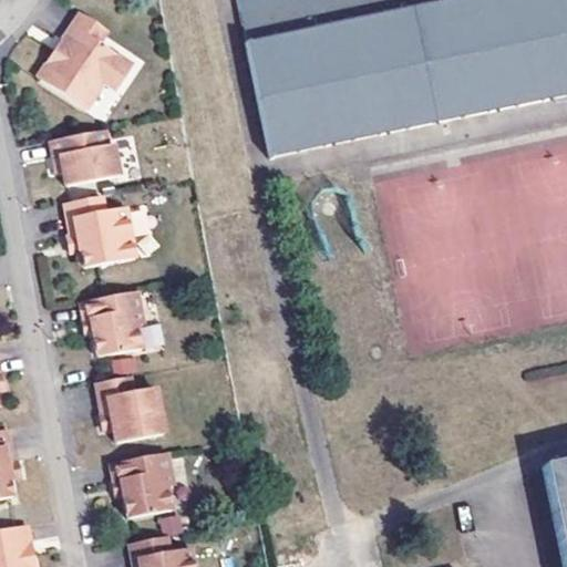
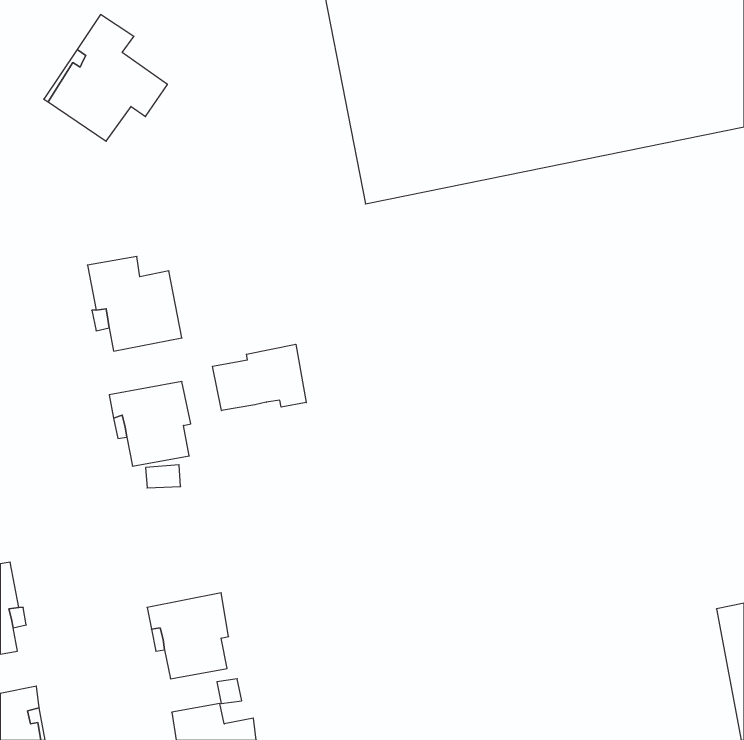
building: [53,128,121,184] -> none
building: none -> [213,344,306,411]
building: [99,374,164,441] -> none

